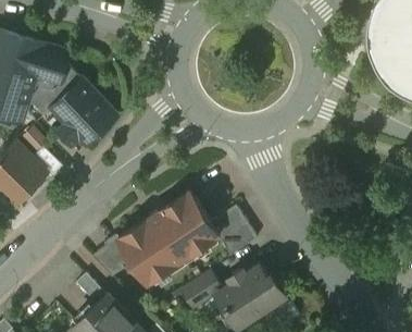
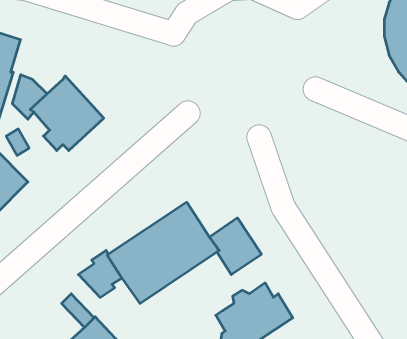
building: [32,46,78,95] -> none
building: [182,271,223,311] -> none

